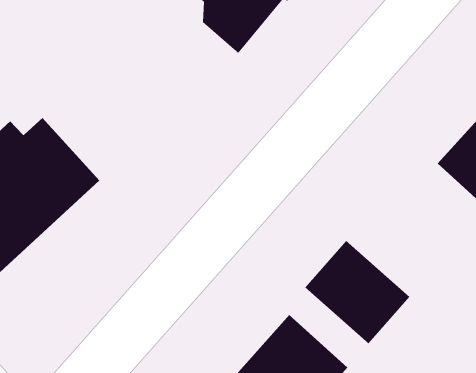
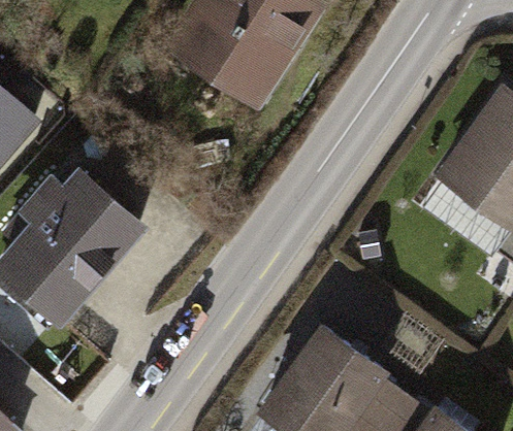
building: [305,240,410,344] -> none

